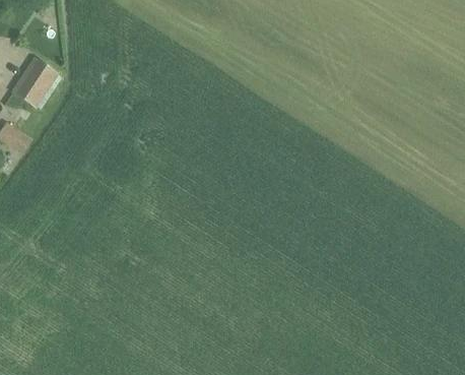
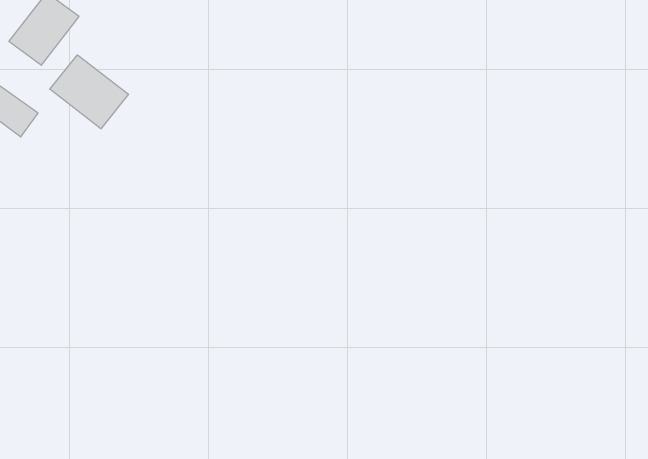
building: none -> [50,55,129,129]

